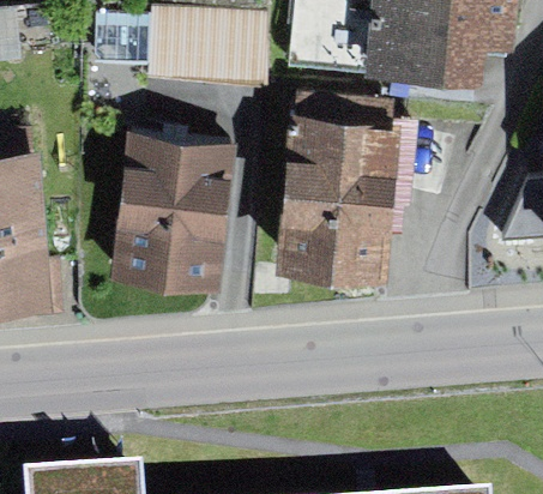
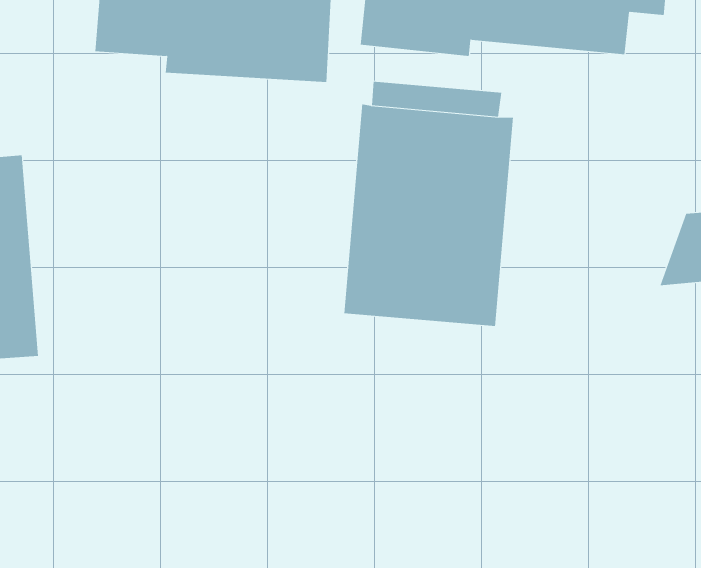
building: [114,129,237,284] -> none

